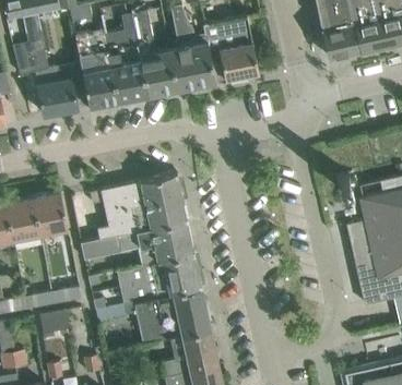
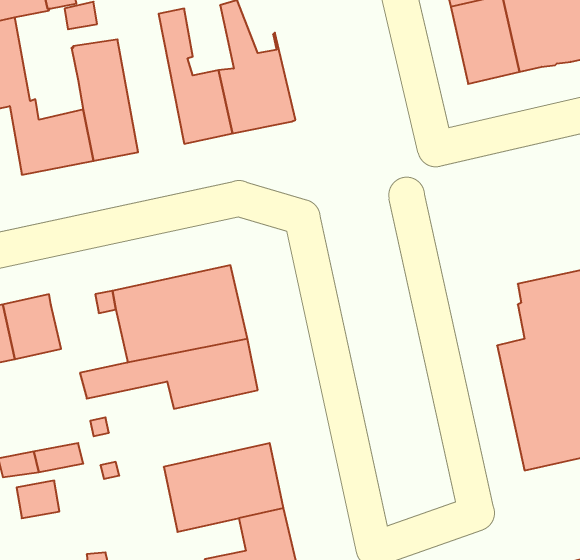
building: [104,14,146,103] -> none
building: [204,17,258,82] -> none
building: [117,254,201,305] -> none

